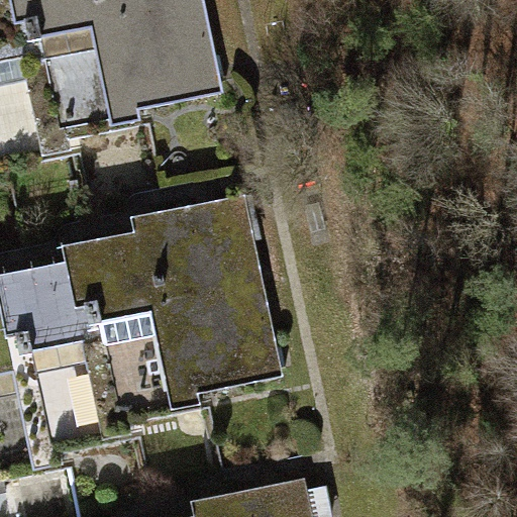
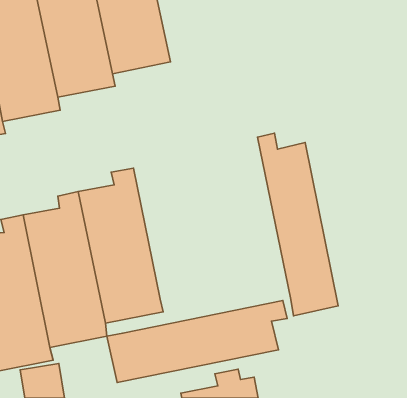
building: none -> [257,133,338,316]
building: [168,180,275,376] -> none
building: none -> [107,300,287,382]

